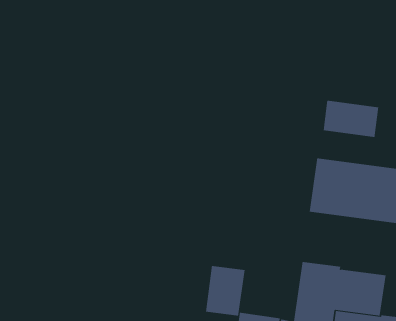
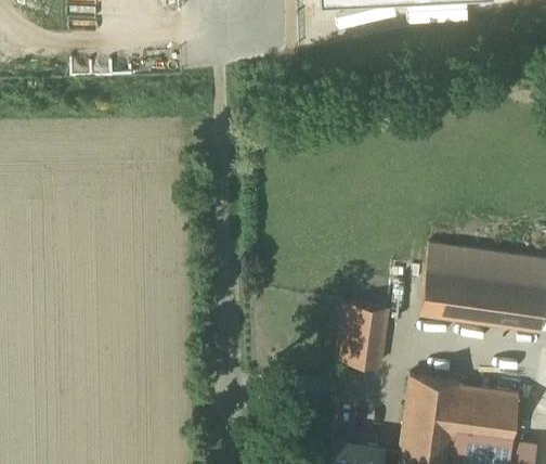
building: [323,100,379,138] -> none
building: [205,266,246,316] -> [337,302,388,366]

